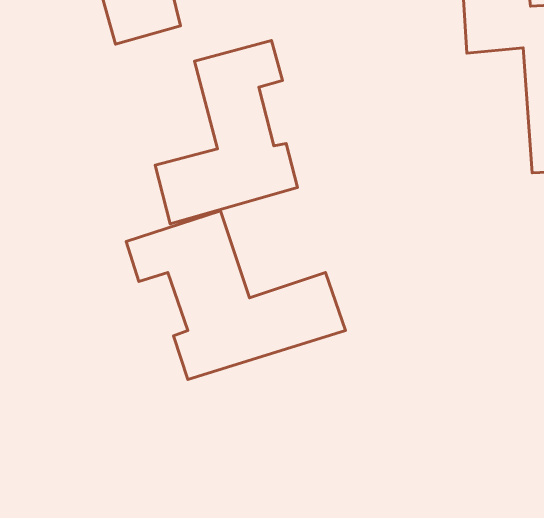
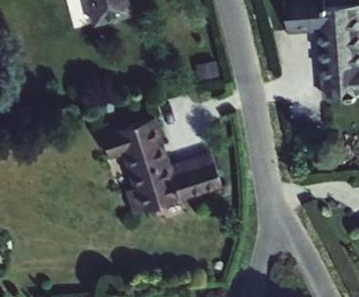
building: [155,40,298,224] -> none

